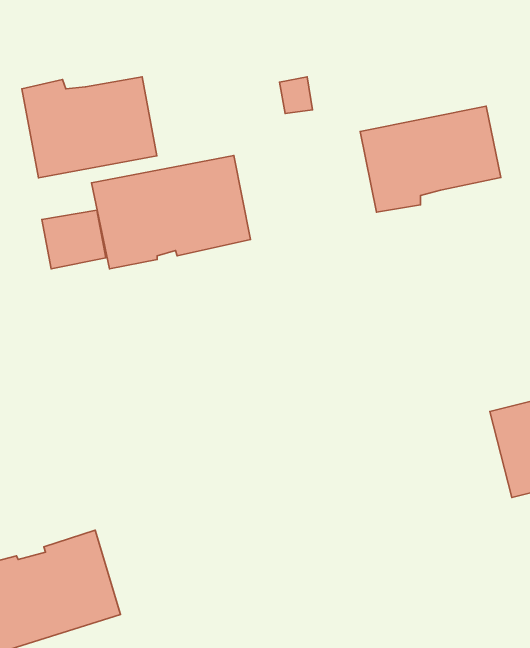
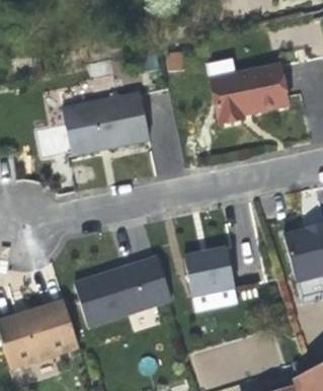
building: [22,77,157,178] -> none
building: none -> [184,247,235,297]
building: none -> [74,256,172,326]

